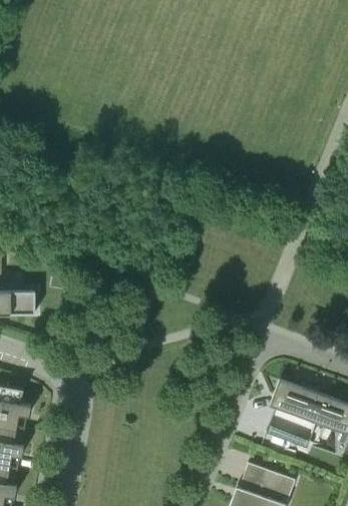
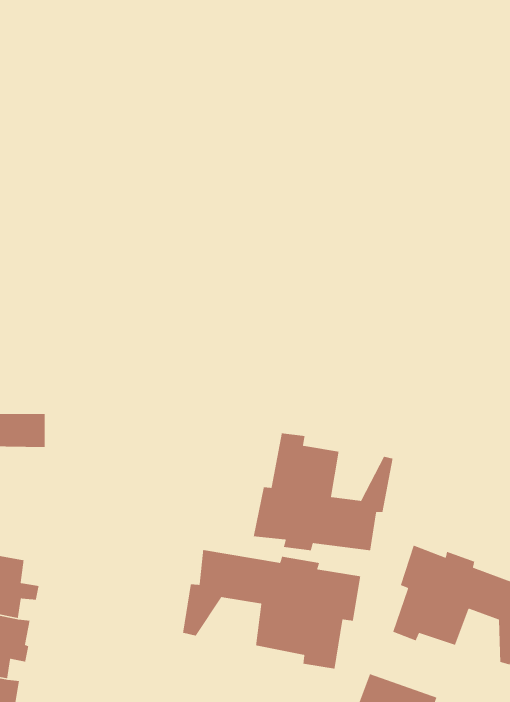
building: none -> [253,433,394,551]
building: none -> [182,549,361,669]

